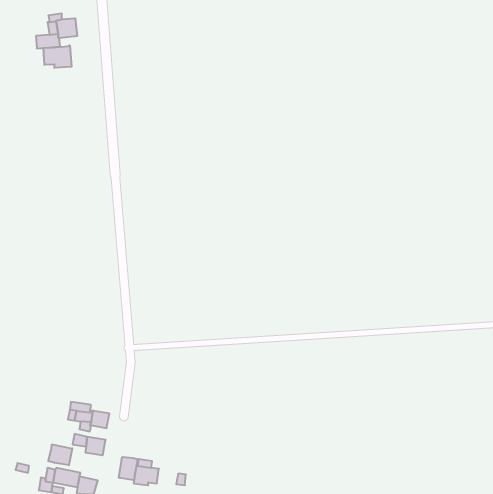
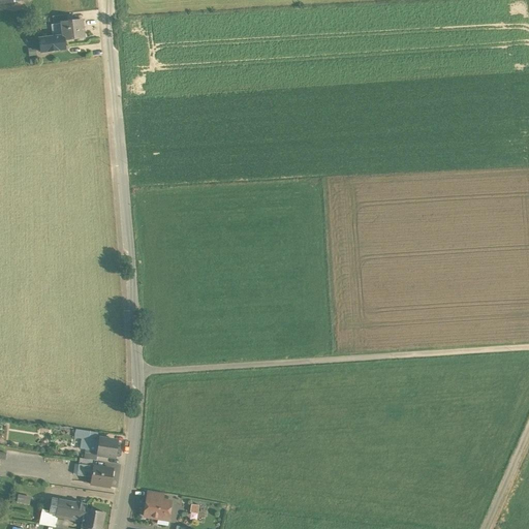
building: [43,45,71,68] -> none
building: [48,445,72,465] -> none
building: [119,457,137,480] -> none

